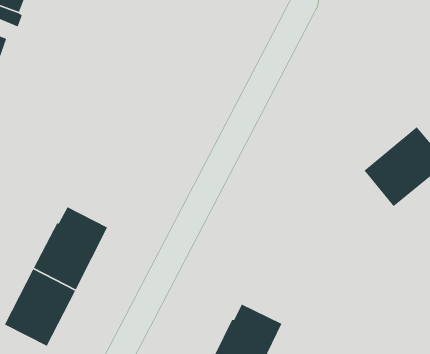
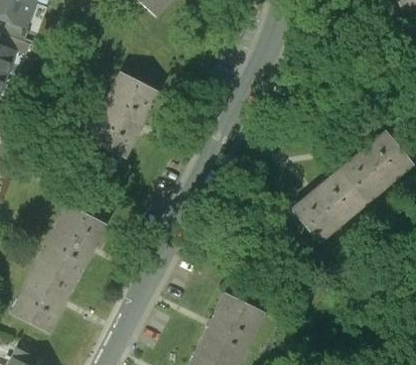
building: none -> [86,72,157,156]
building: none -> [292,171,365,242]

